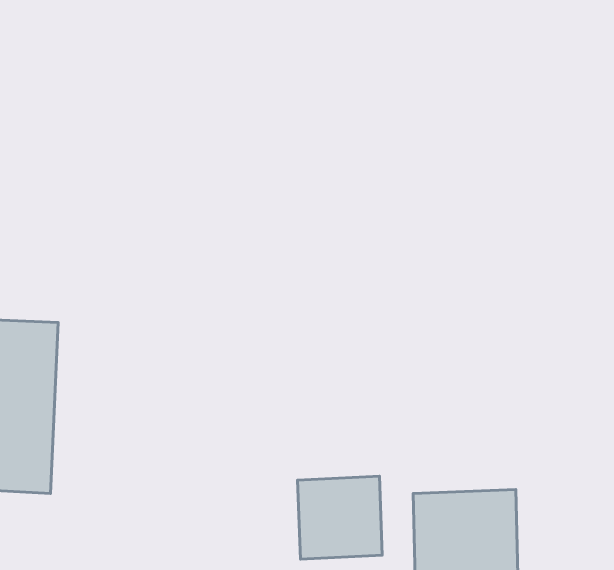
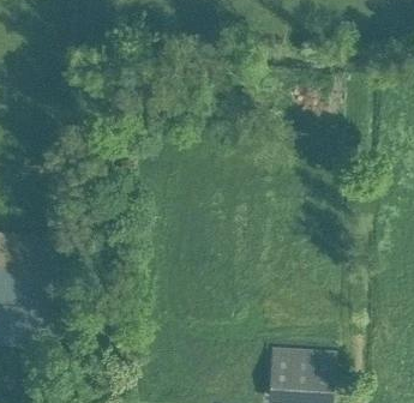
building: [298,476,382,559] -> none

